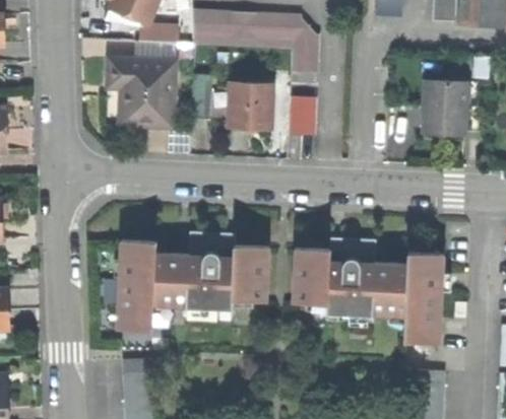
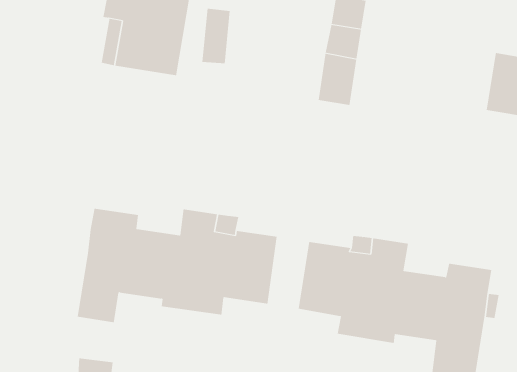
building: [229,83,272,128] -> none

